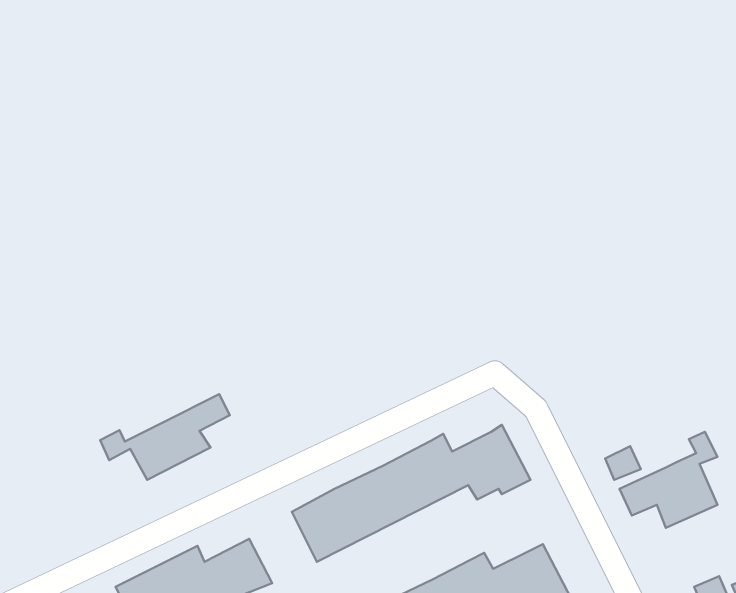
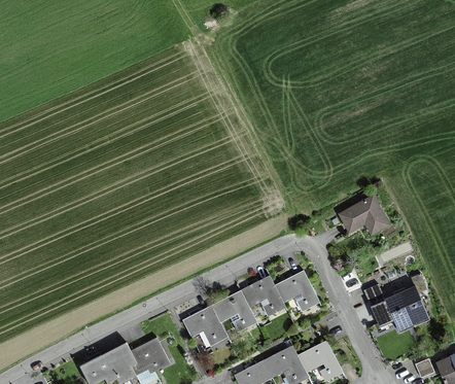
building: none -> [337,194,390,236]
building: [100,394,230,480] -> none

